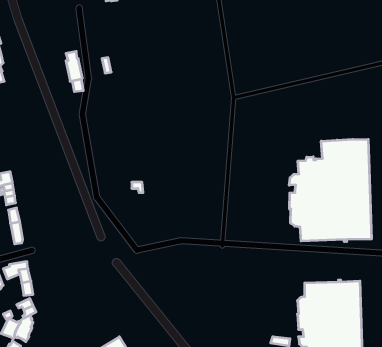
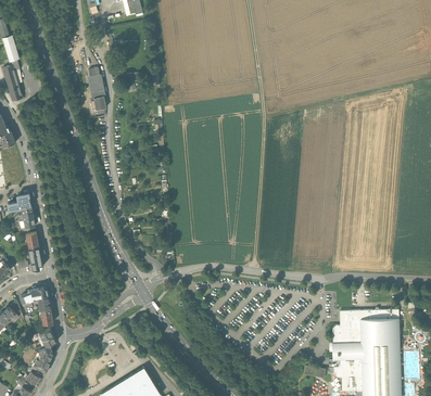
building: [289,139,371,242] -> none

